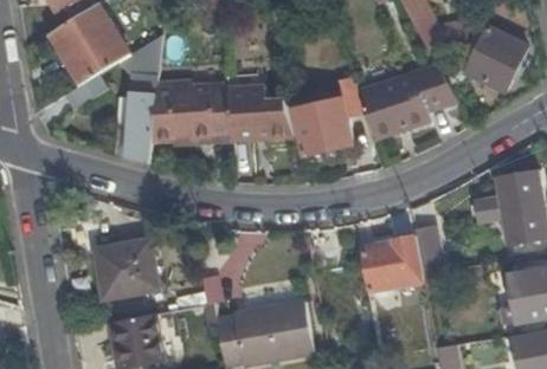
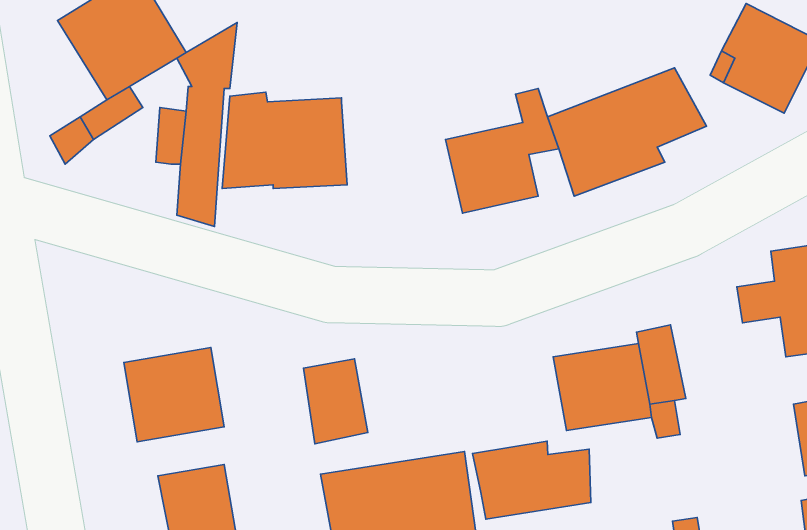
building: [229,82,292,136] -> none
building: none -> [472,441,591,519]

